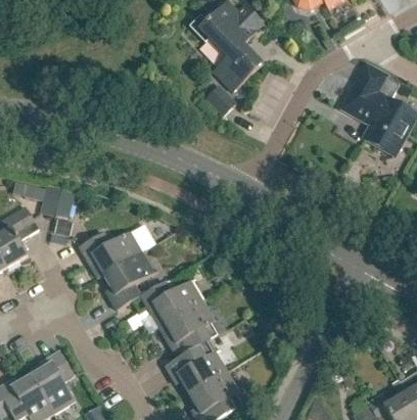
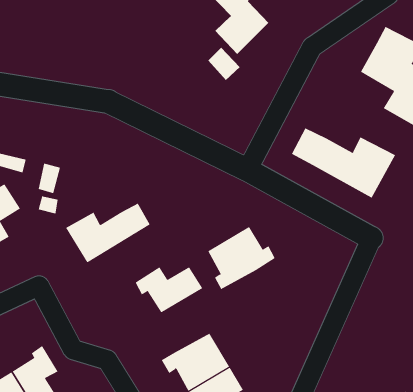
building: none -> [291,127,396,198]
building: [103,252,153,310] -> none
building: [165,300,226,358] -> [207,226,276,290]

